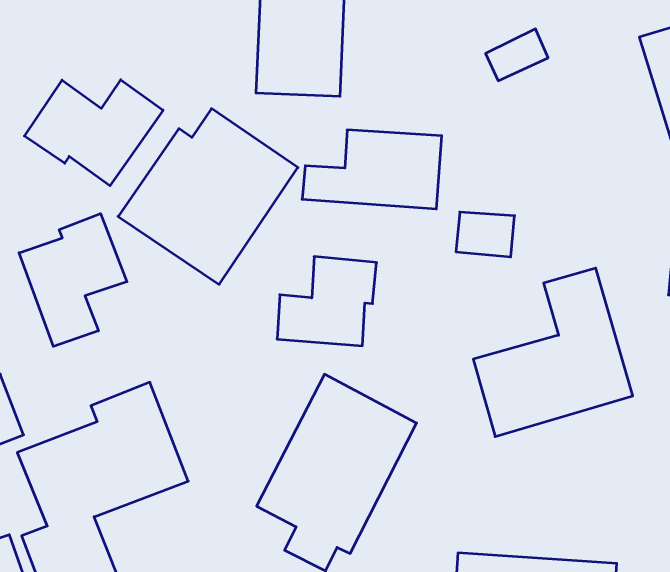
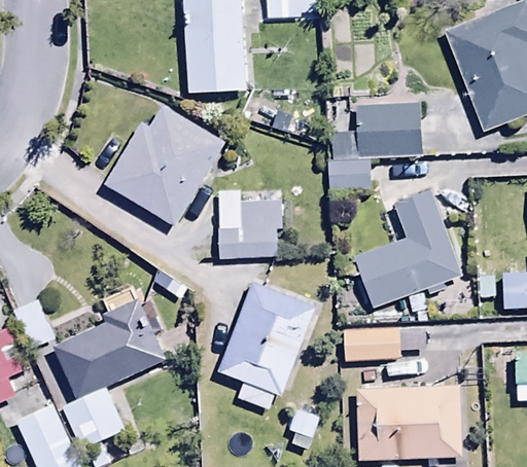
building: [24,80,163,186] -> none
building: [302,130,442,209] -> [329,103,420,154]
building: [19,214,127,346] -> none
building: none -> [343,327,427,362]

